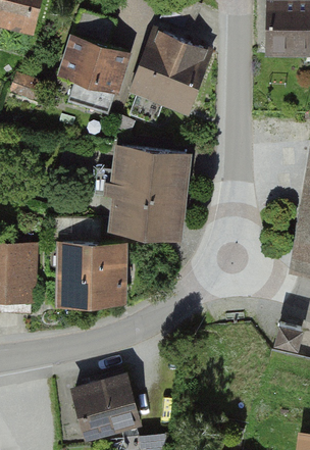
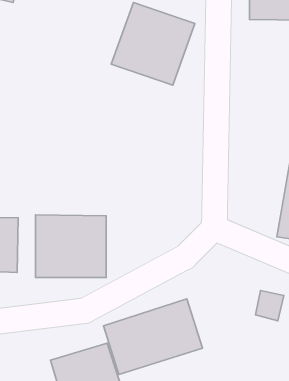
building: [60,38,127,95] -> none
building: [112,152,189,240] -> none
building: none -> [103,299,202,375]

